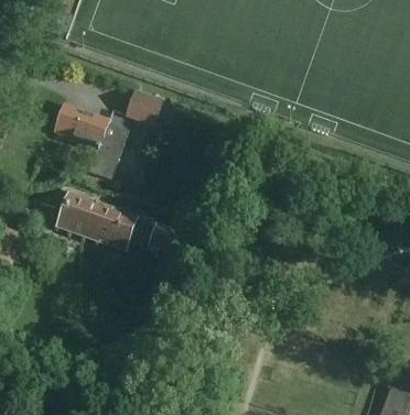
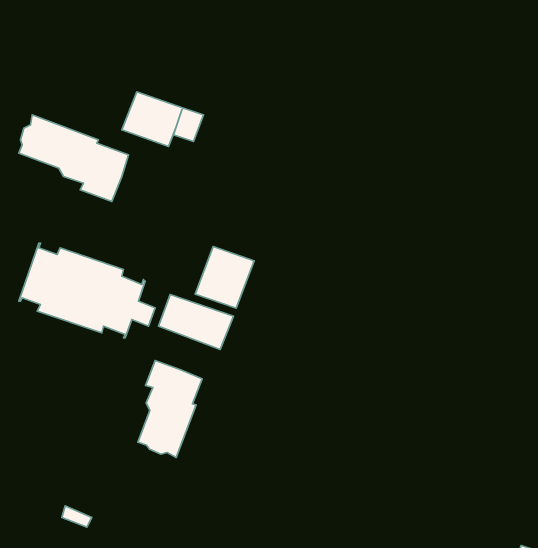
building: none -> [195,247,254,308]
building: none -> [138,361,202,457]

